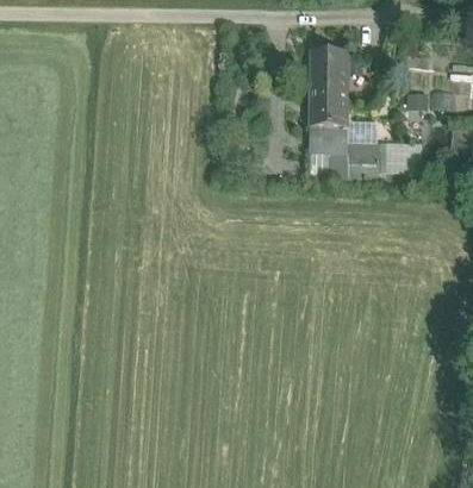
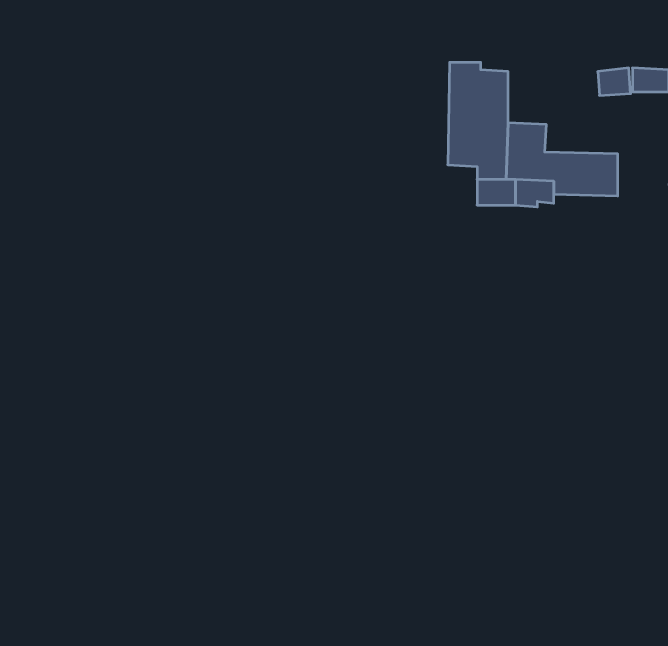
building: [309,49,348,90] -> none

